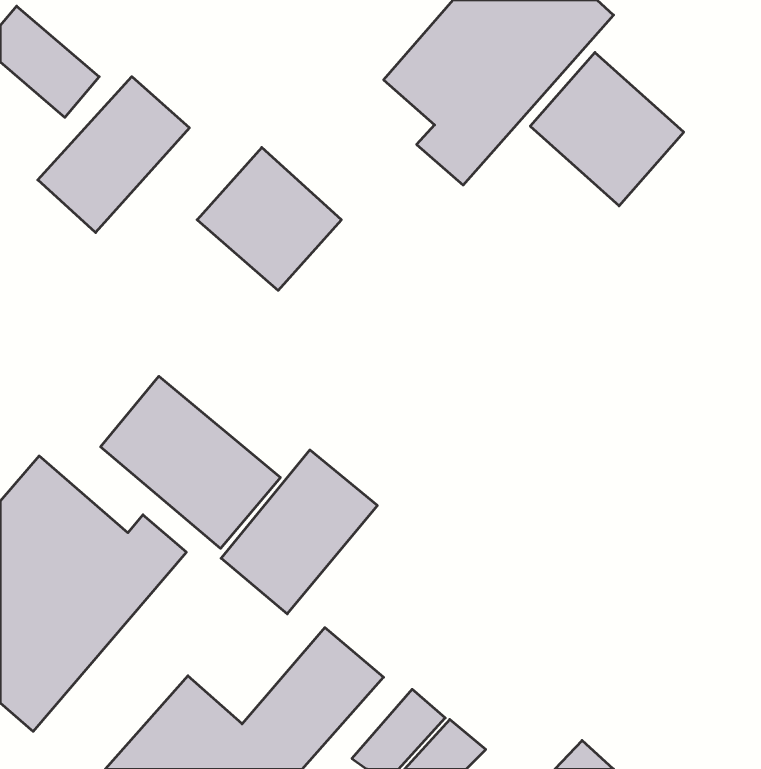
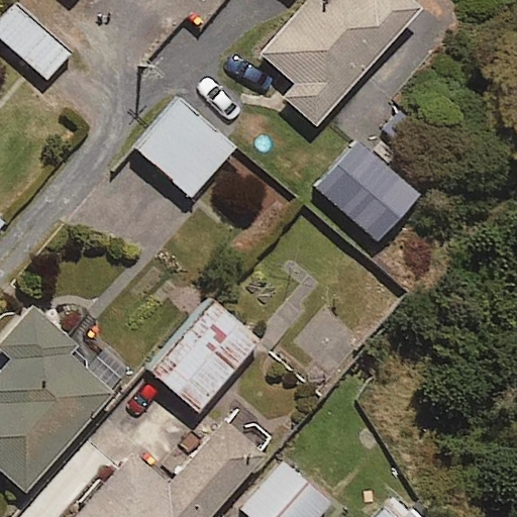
building: [530,52,684,206] -> [315,141,418,244]
building: [38,77,189,233] -> none
building: [101,376,280,548] -> none

